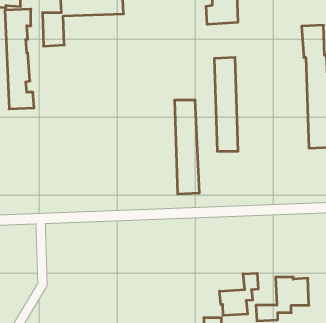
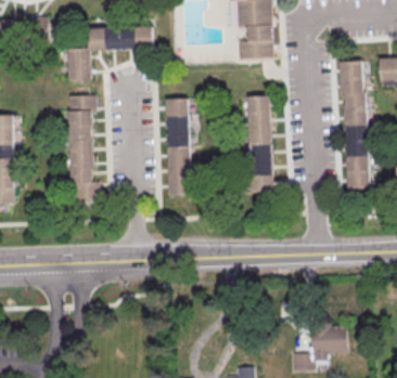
building: [5,9,34,109] -> [68,95,99,199]
building: [174,100,199,194] -> [165,100,191,197]
building: [219,273,258,315] -> none

